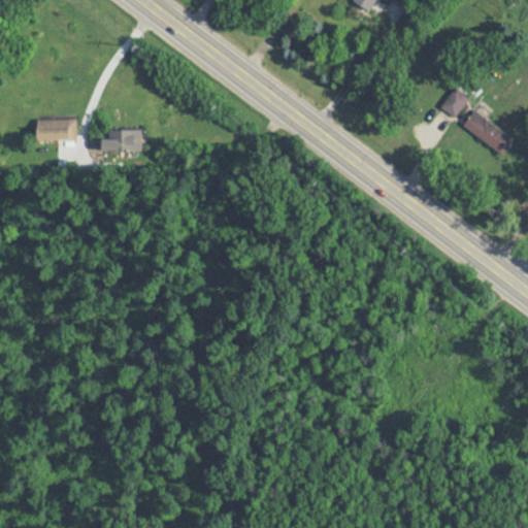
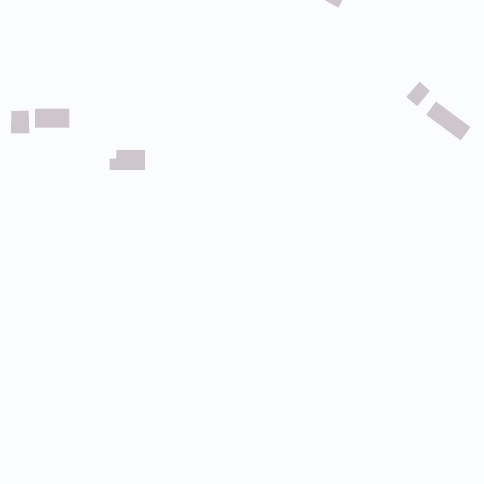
building: none -> [11,110,30,134]
building: [102,129,142,152] -> [109,149,146,170]

